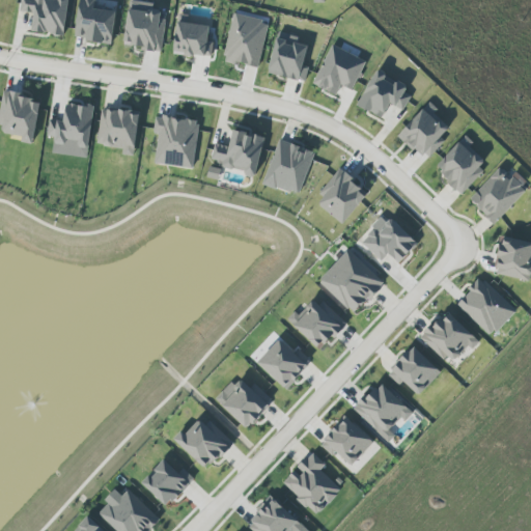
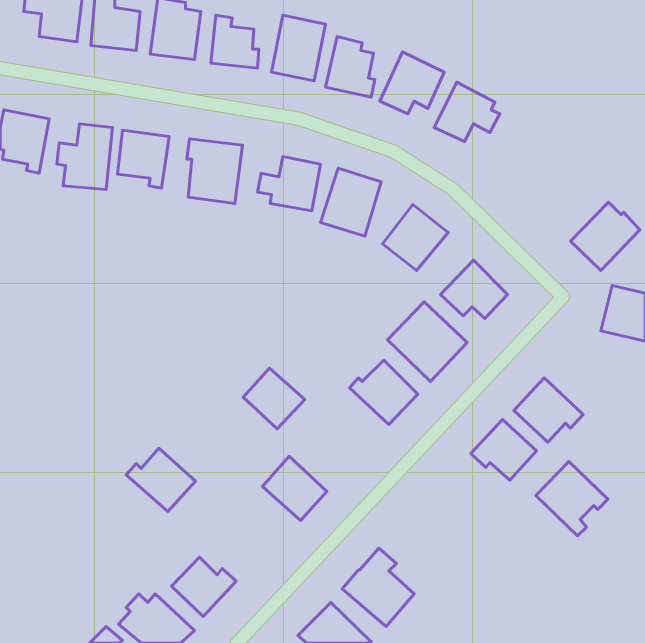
building: [398,101,449,159] -> none
building: [435,134,487,191] -> none
building: [456,276,515,335] -> none
building: [257,337,308,387] -> [243,368,305,429]
building: [354,380,413,441] -> [536,461,608,536]
building: [319,415,380,474] -> none
building: [173,416,230,468] -> [126,448,195,511]

